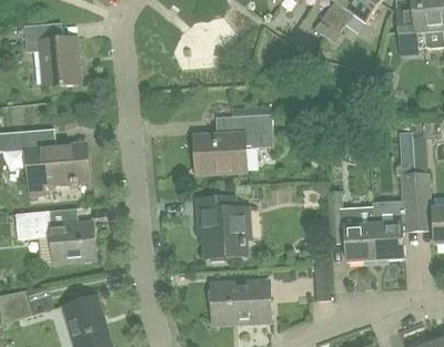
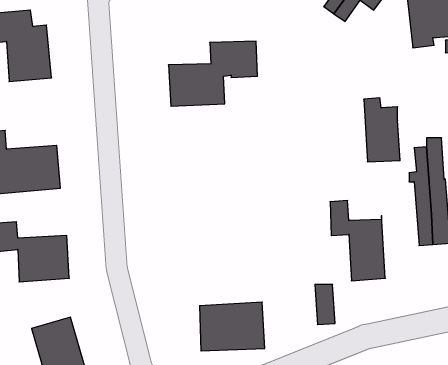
building: [194,114,273,172] -> [168,41,257,106]
building: [198,197,244,257] -> none
building: [372,203,404,259] -> [364,98,400,162]

